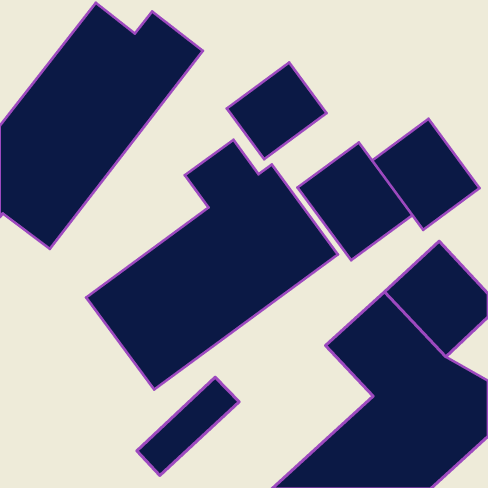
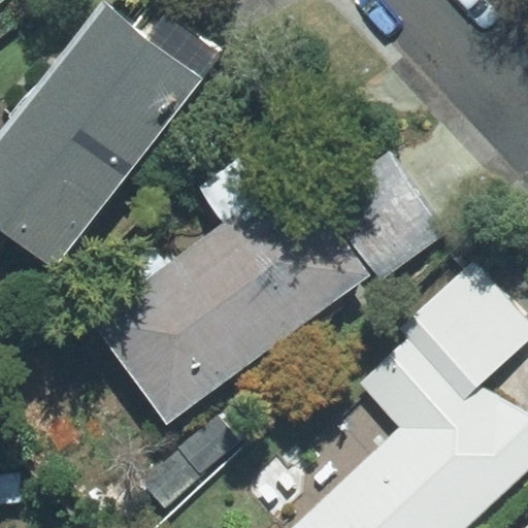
building: [227,62,327,159] -> none
building: [372,119,480,230] -> none

